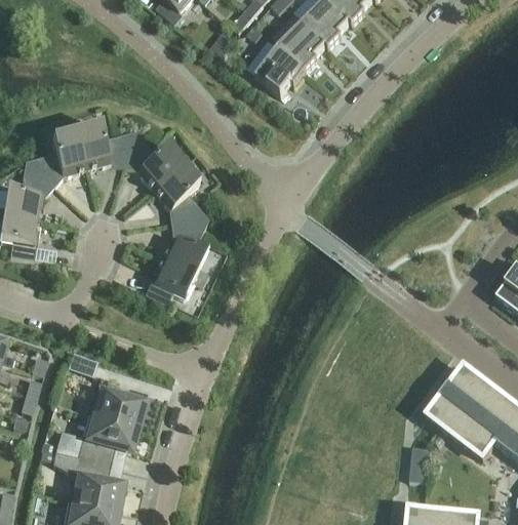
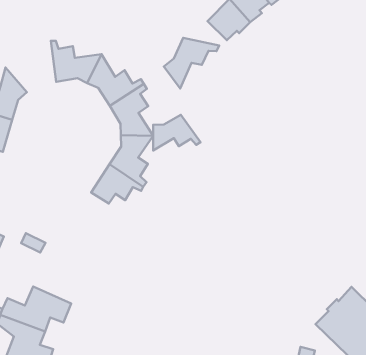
building: none -> [164,38,219,89]
building: [26,121,87,185] -> none
building: none -> [153,115,200,150]
building: [90,388,148,427] -> none

